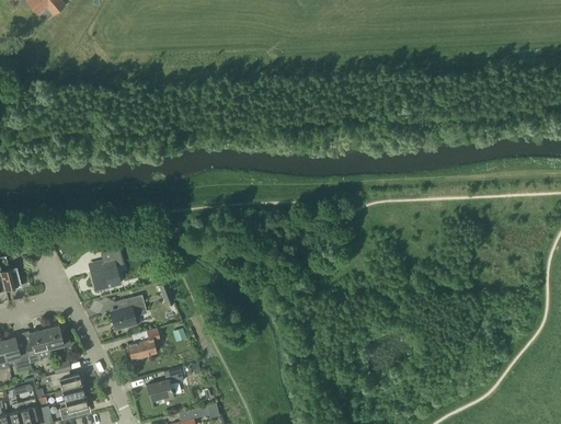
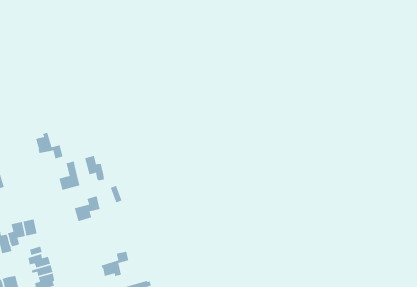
building: none -> [35,132,64,160]
building: none -> [84,155,105,181]
building: [127,328,159,358] -> none

